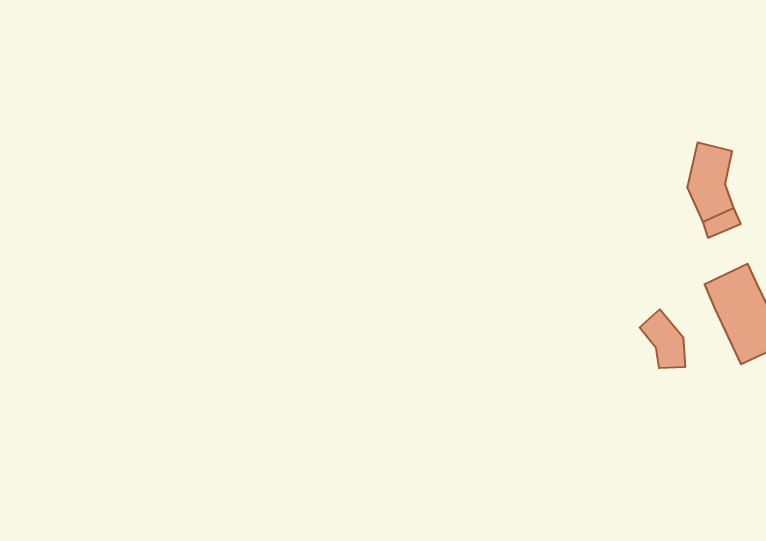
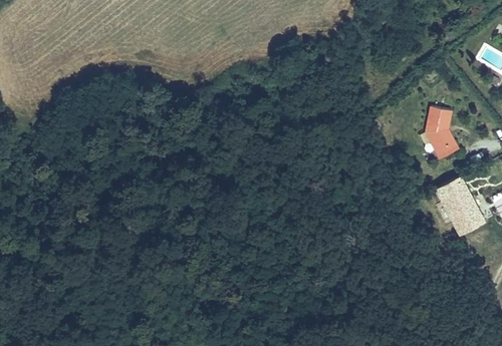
building: [640,309,685,368] -> none

